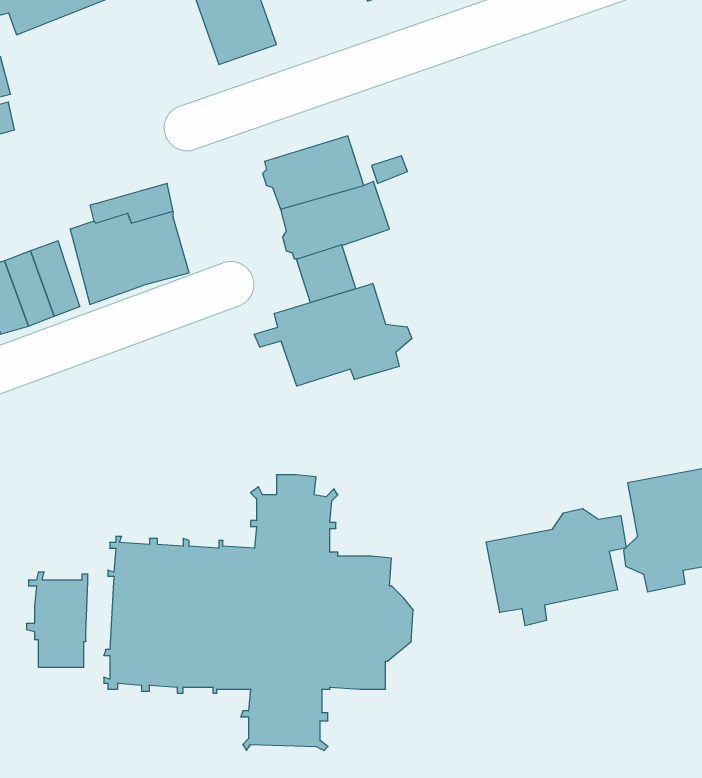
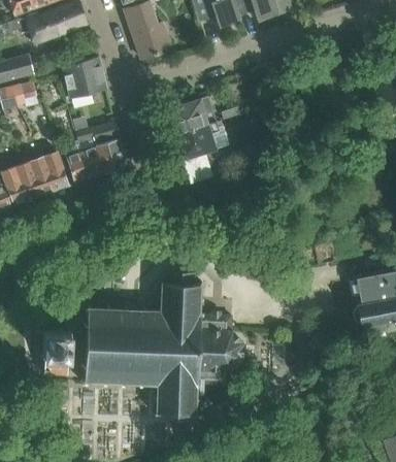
building: none -> [62,57,106,98]
building: [254,283,412,386] -> none
building: [486,508,626,626] -> none

